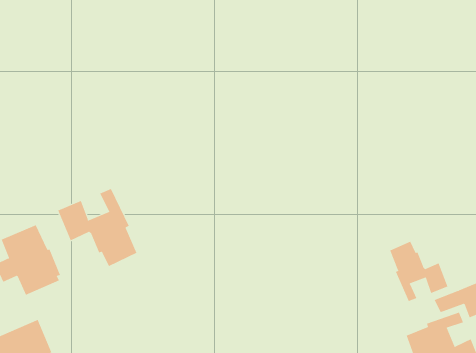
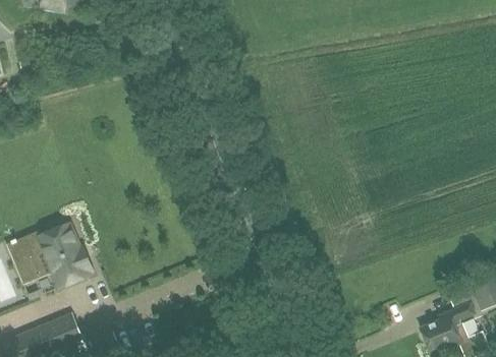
building: [58,188,137,267] -> none
building: [390,241,448,302] -> none

